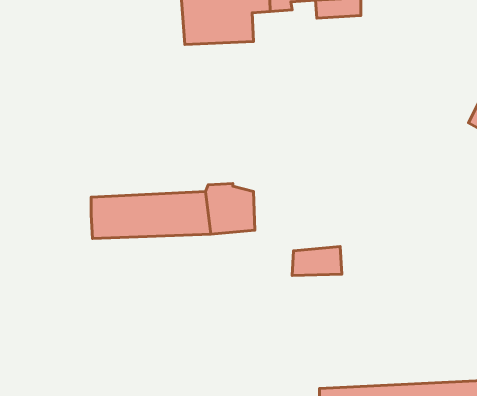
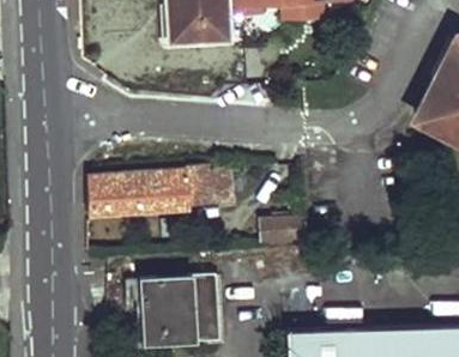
building: none -> [144,278,217,344]

